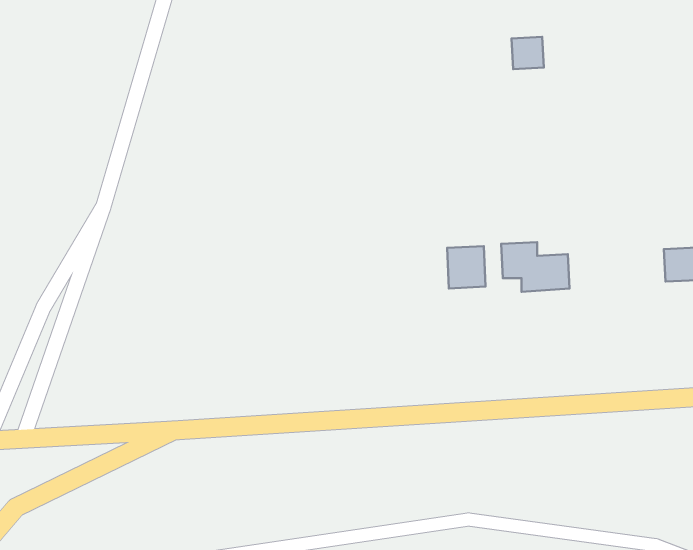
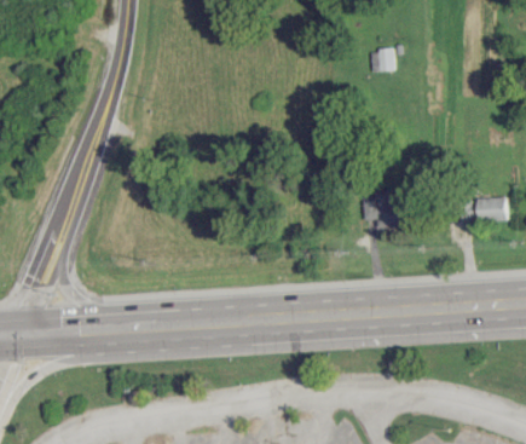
building: [447,246,486,288] -> none

